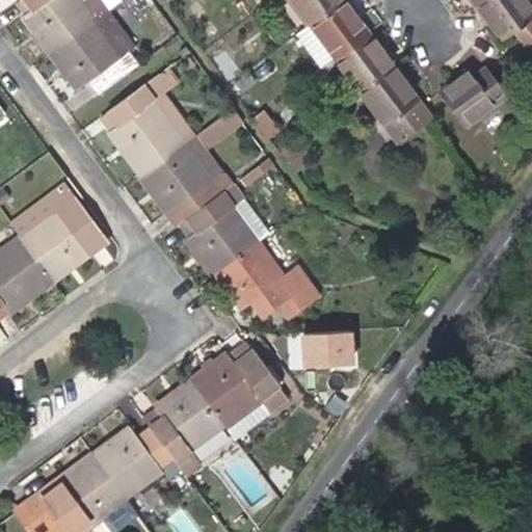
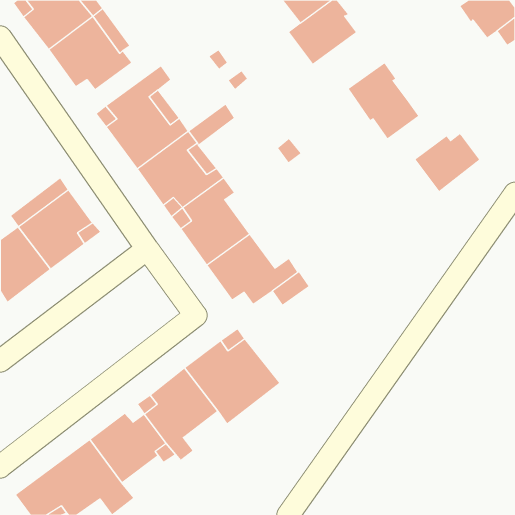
building: [334,33,397,91] -> none
building: [435,69,503,129] -> [415,133,480,192]
building: [307,326,364,365] -> none

